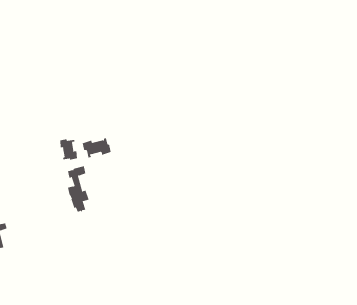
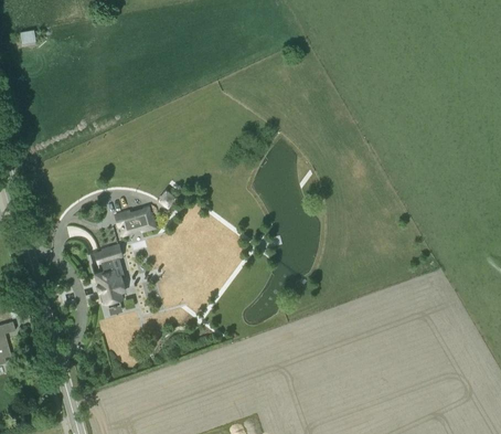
building: [60,138,77,160] -> none

